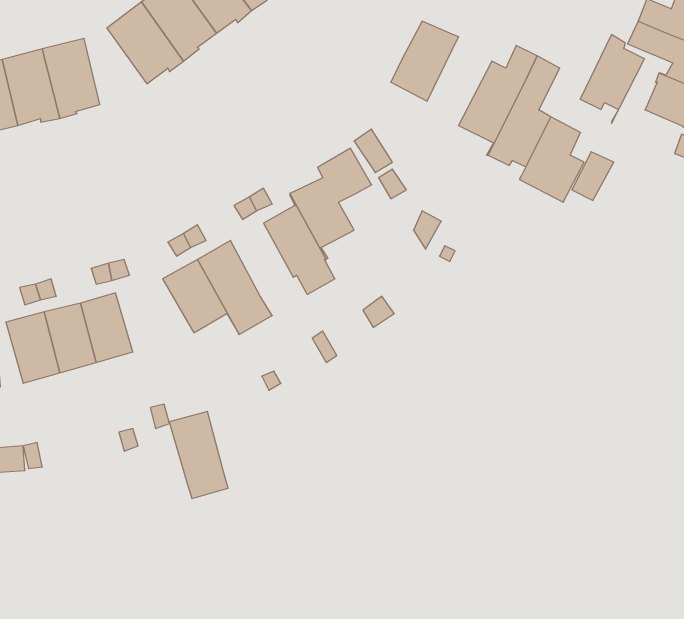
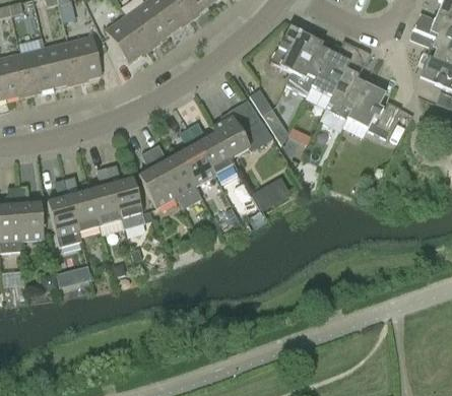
building: [580,35,645,123] -> [293,35,330,86]
building: none -> [178,143,214,186]
building: [169,411,228,498] -> [111,178,145,228]

